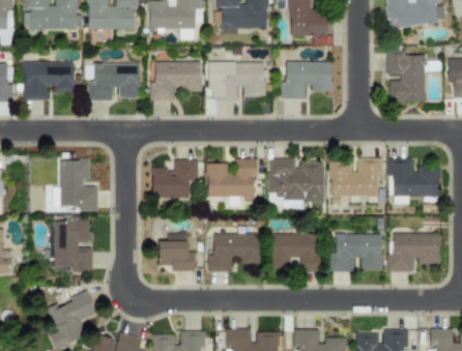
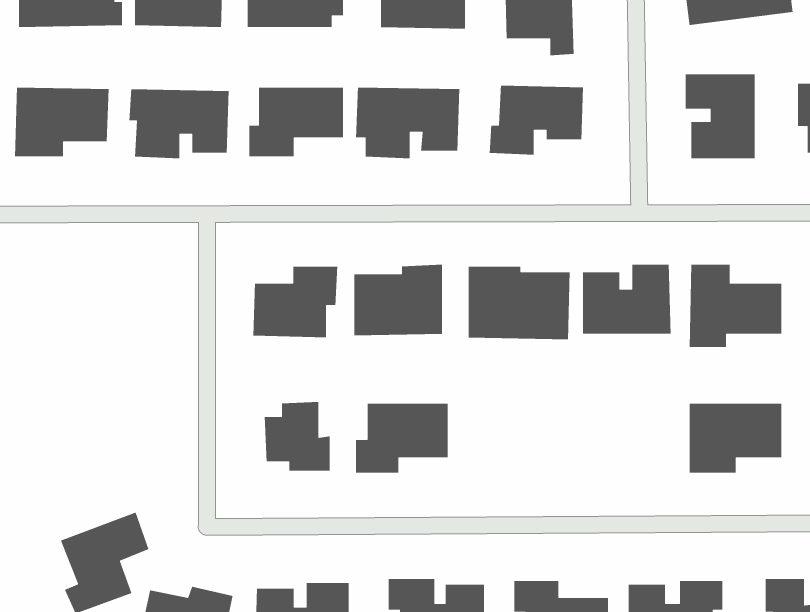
building: [54,159,98,212] -> none
building: [49,221,92,270] -> none
building: [270,234,320,269] -> none
building: [331,234,382,272] -> none

